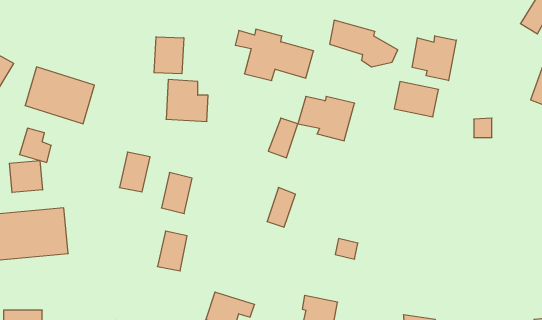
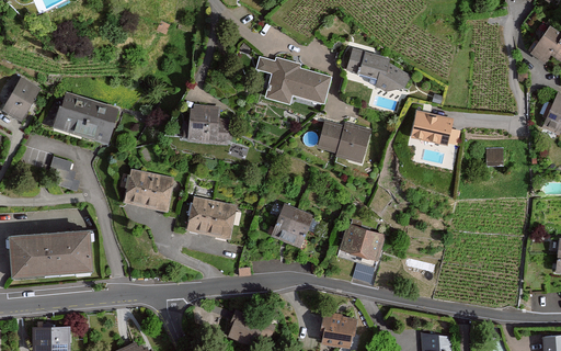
building: [412,36,456,81] -> none
building: [154,37,184,74] -> none
building: [268,118,298,158] -> [270,203,298,241]
building: none -> [123,170,152,208]
building: [9,160,43,193] -> none
building: none -> [341,212,388,260]
building: [157,231,187,271] -> [207,200,236,238]

